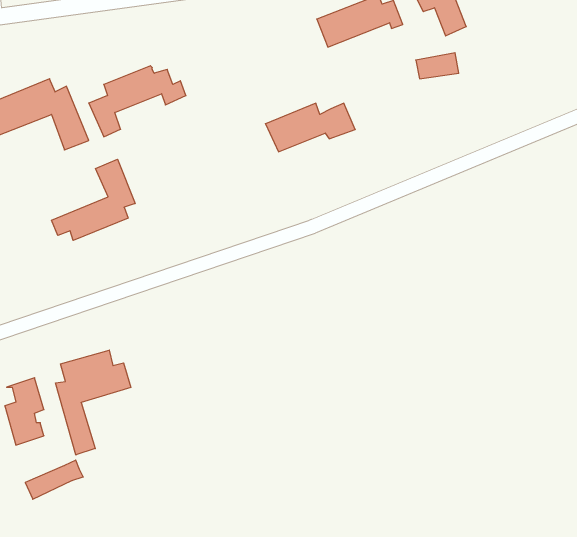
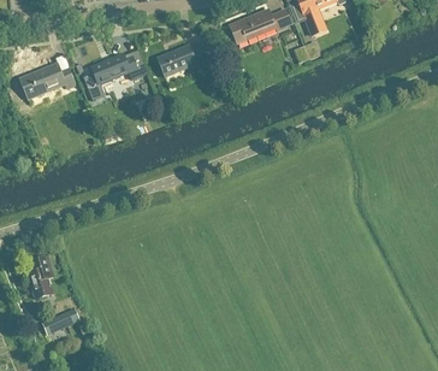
building: [265,103,355,152] -> [156,43,214,75]
building: [52,159,135,240] -> none
building: [56,350,131,455] -> none

